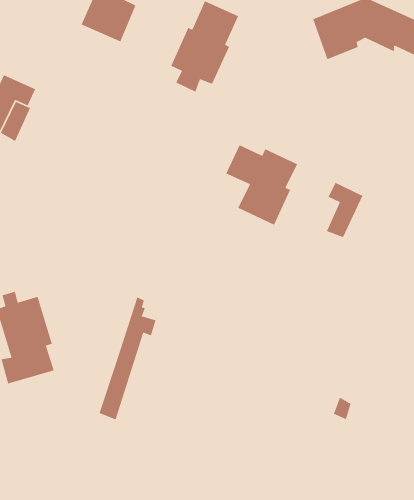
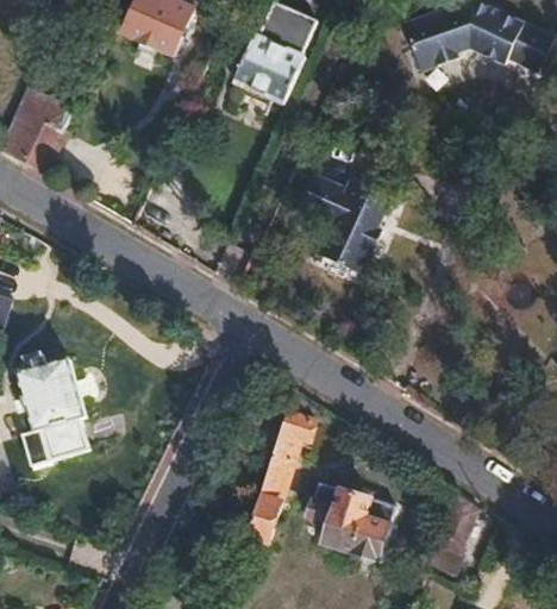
building: [326,182,363,238] -> none
building: [98,296,157,420] -> [246,389,317,539]
building: none -> [311,482,396,560]
building: none -> [427,491,480,570]

